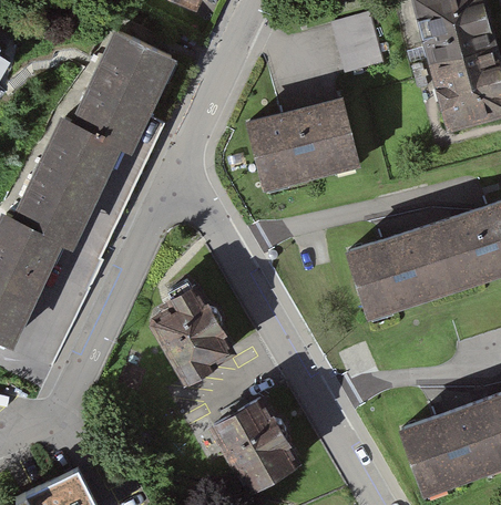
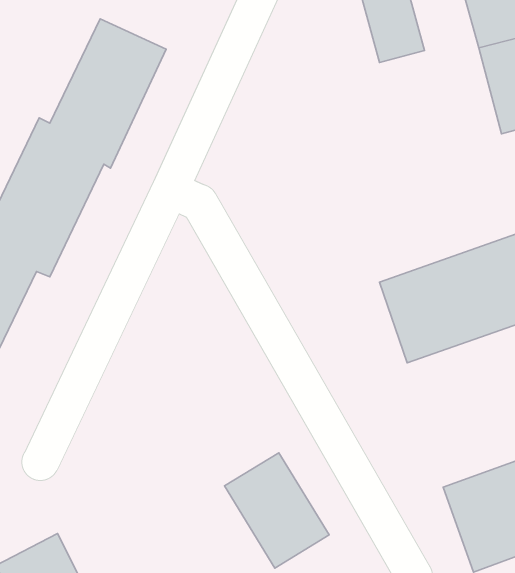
building: [244,97,357,194] -> none
building: [144,288,234,384] -> none

